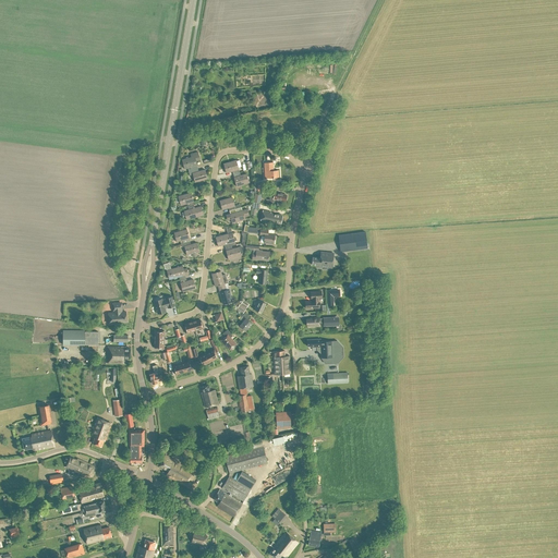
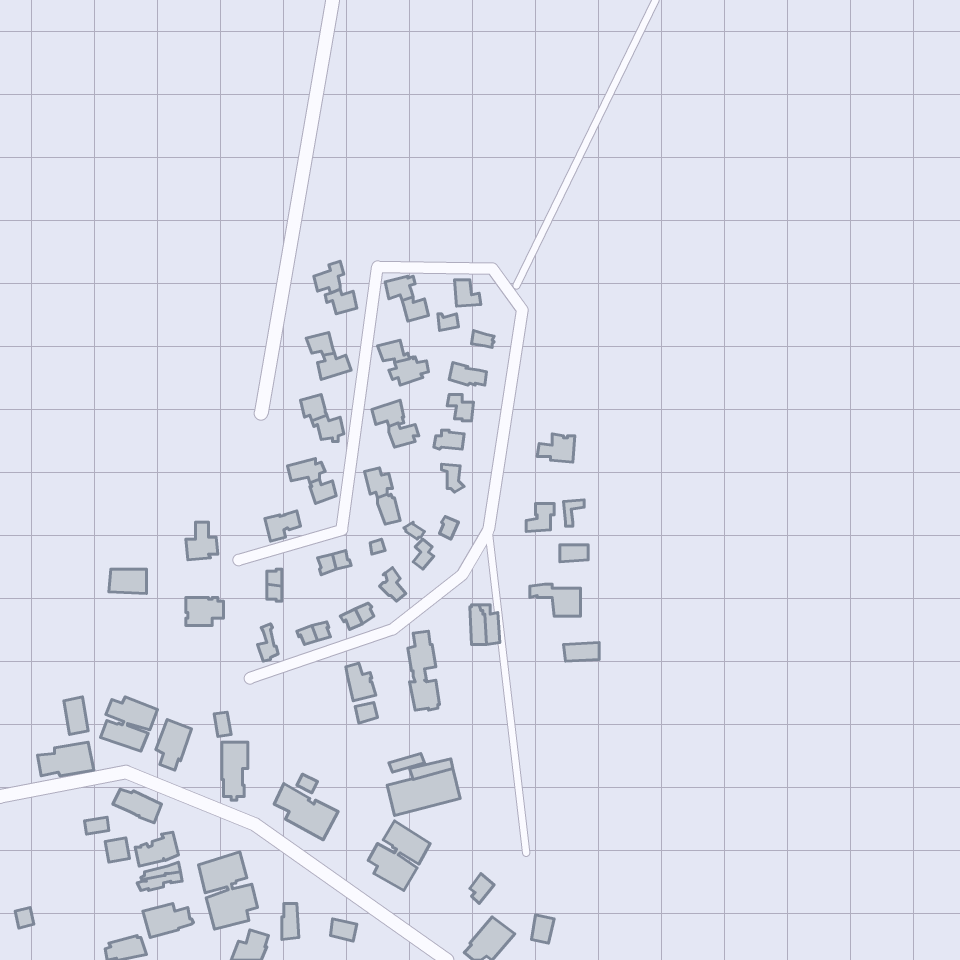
building: [338,232,367,252] -> none
building: none -> [101,697,157,751]
building: none -> [198,852,258,929]

